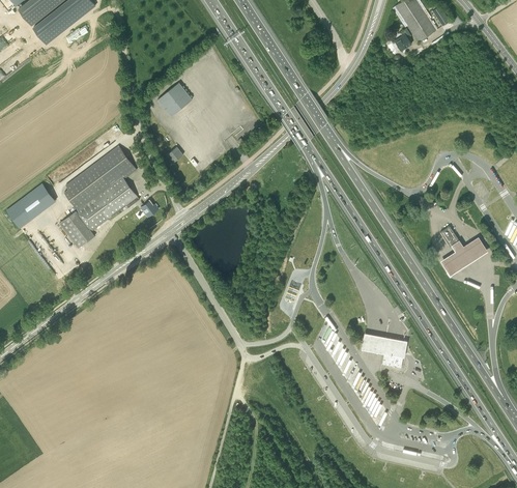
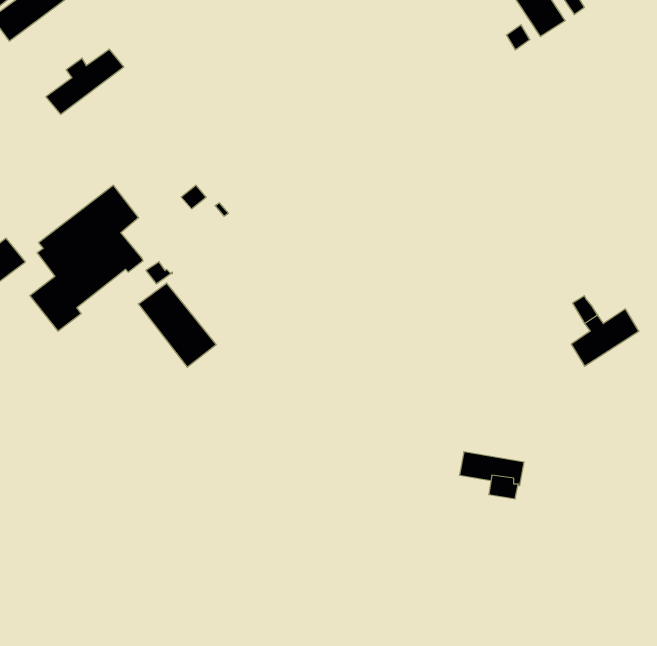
building: none -> [46,49,124,114]
building: [156,83,192,118] -> none
building: none -> [138,283,216,367]

